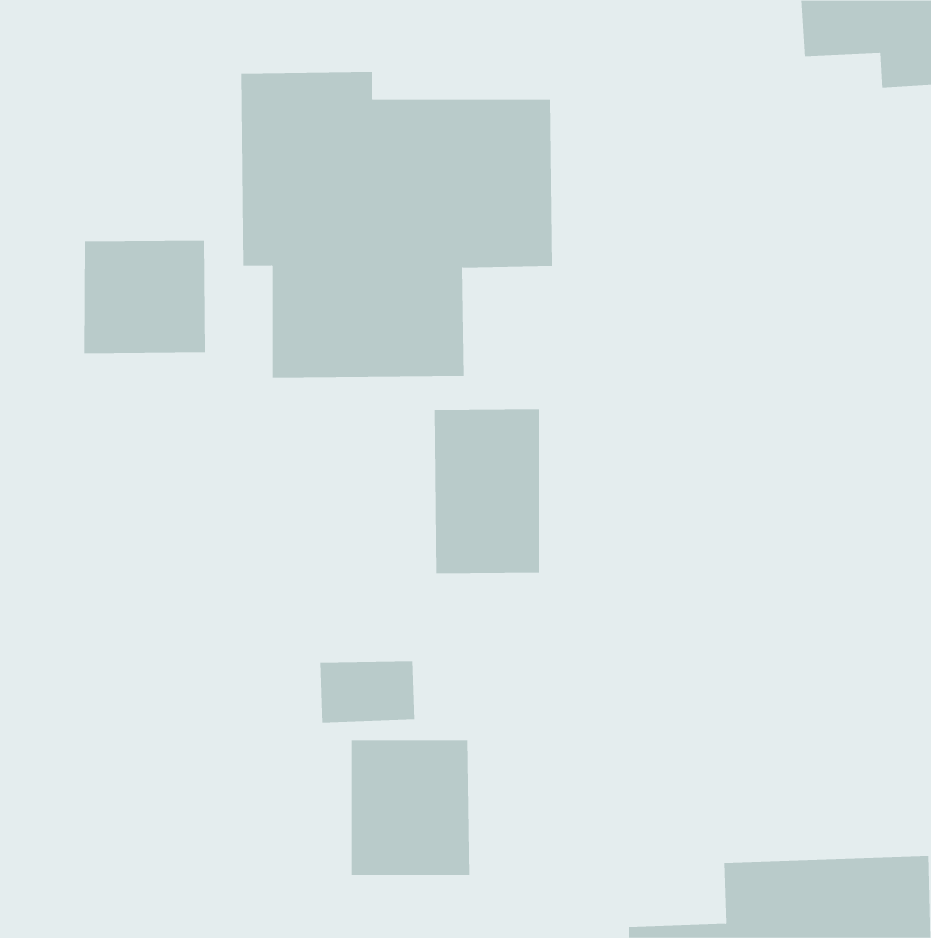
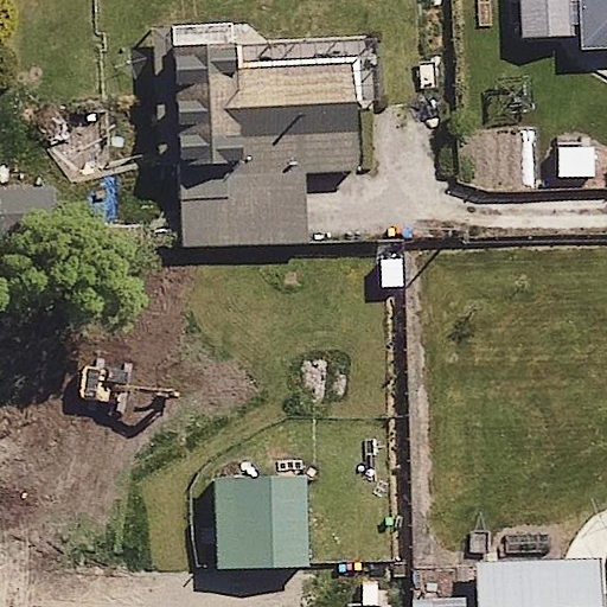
building: [84,240,206,354] -> none
building: [434,408,539,574] -> none

